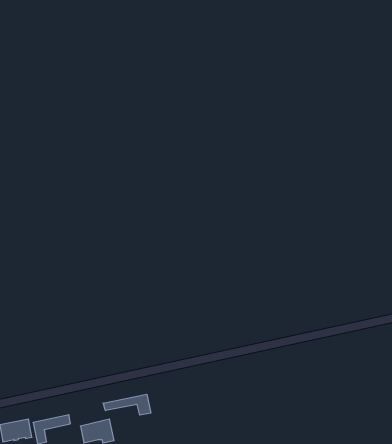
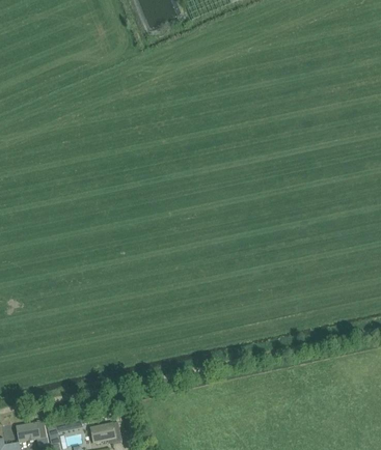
building: [103,394,151,415] -> none

